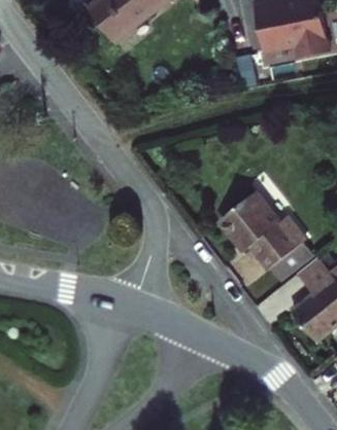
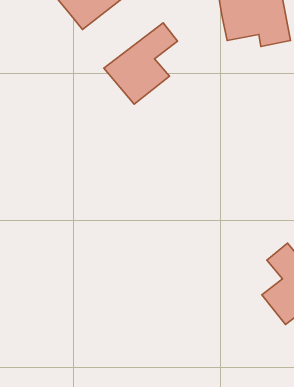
building: none -> [104,23,178,104]
building: [222,195,308,274] -> none

